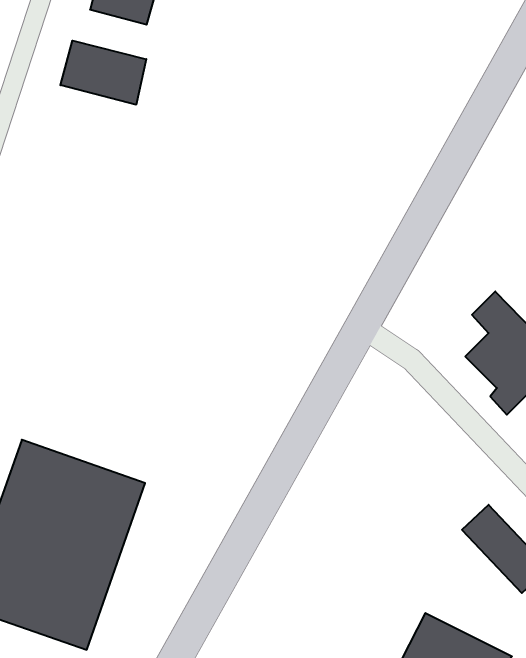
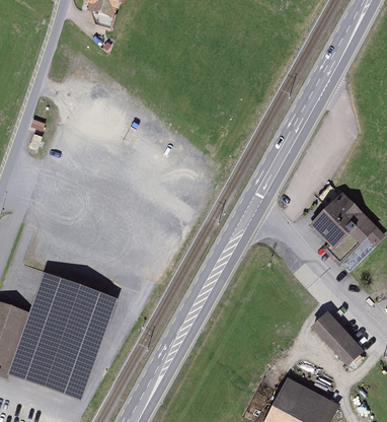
building: [60,41,146,105] -> none

